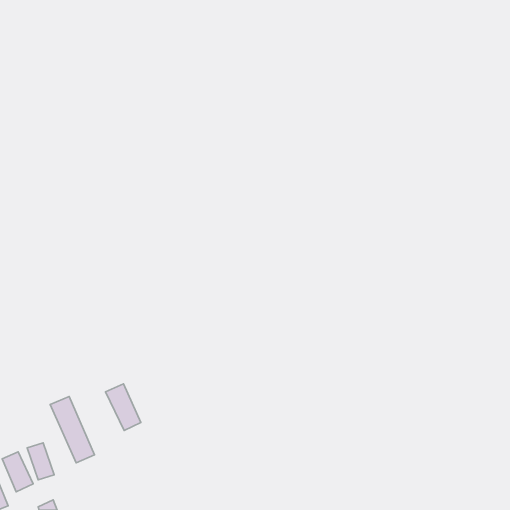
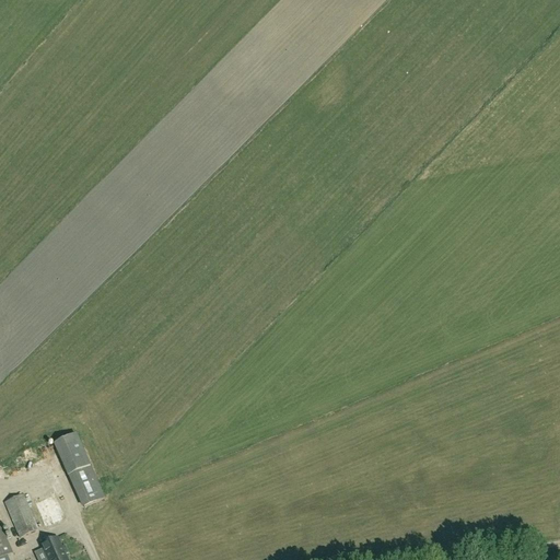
building: [105,384,141,430] -> none

